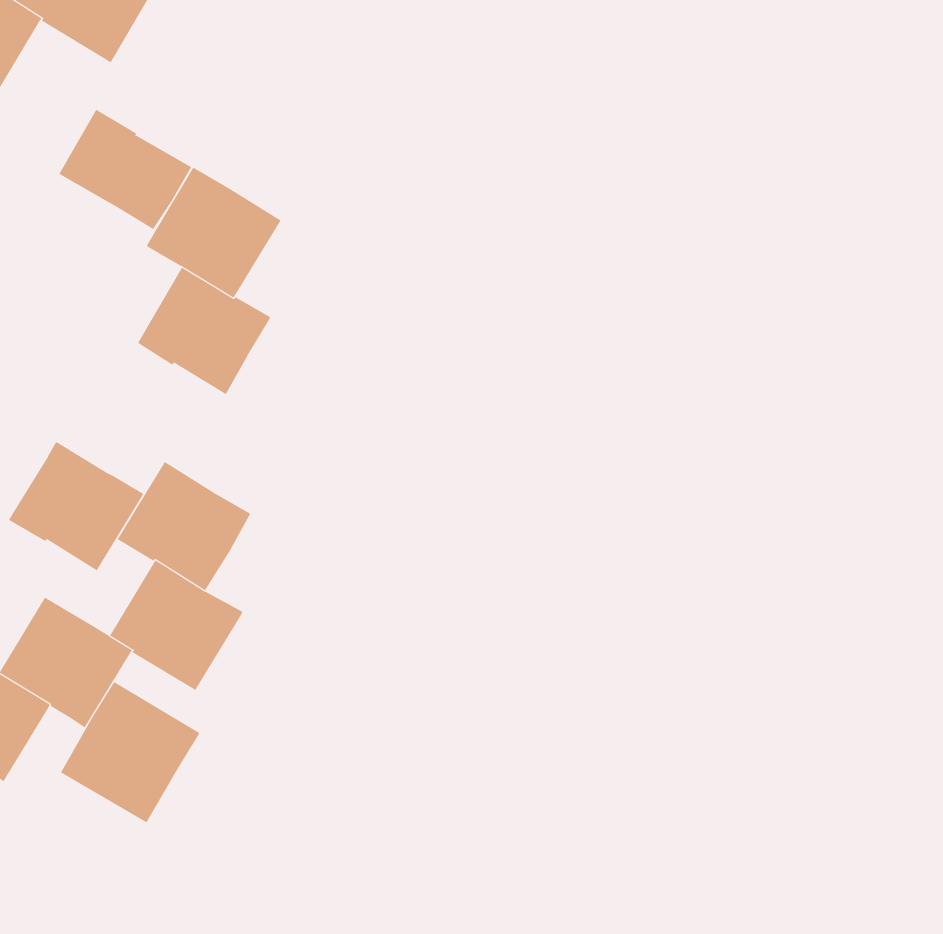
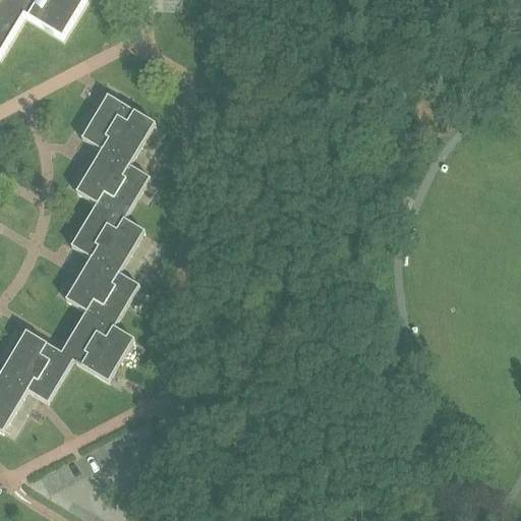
building: [59,109,192,231] -> none
building: [8,442,144,571] -> [69,199,143,271]
building: [60,681,200,823] -> none

